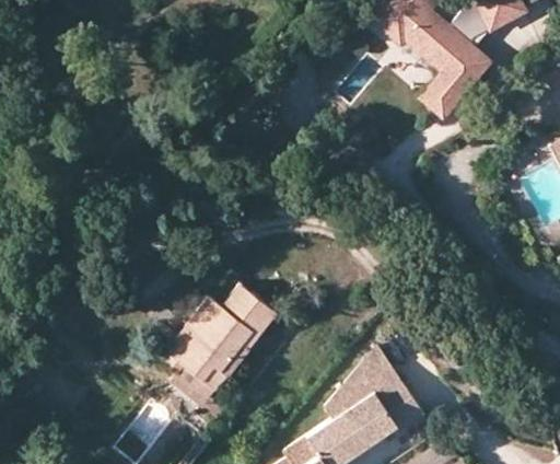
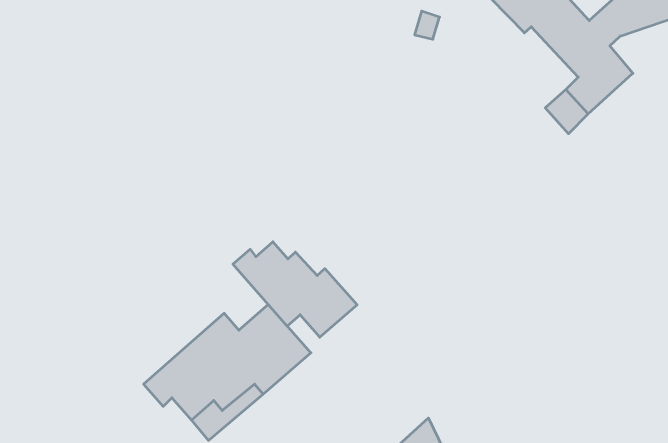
building: none -> [233,242,357,337]

